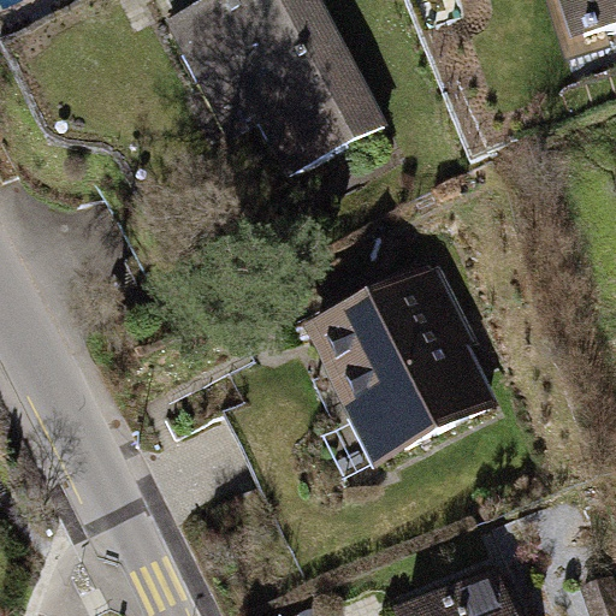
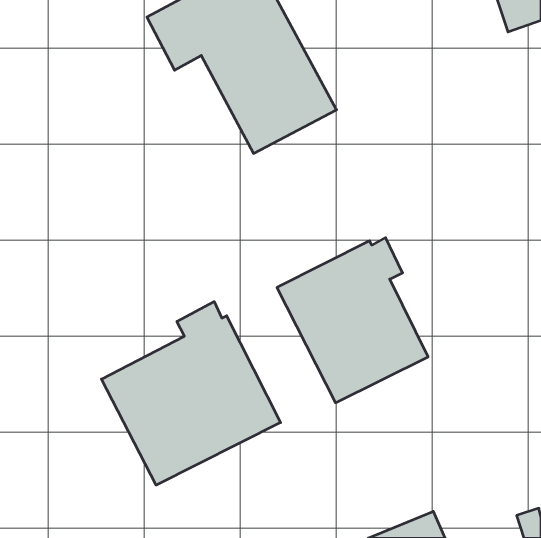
building: none -> [101,302,281,485]

